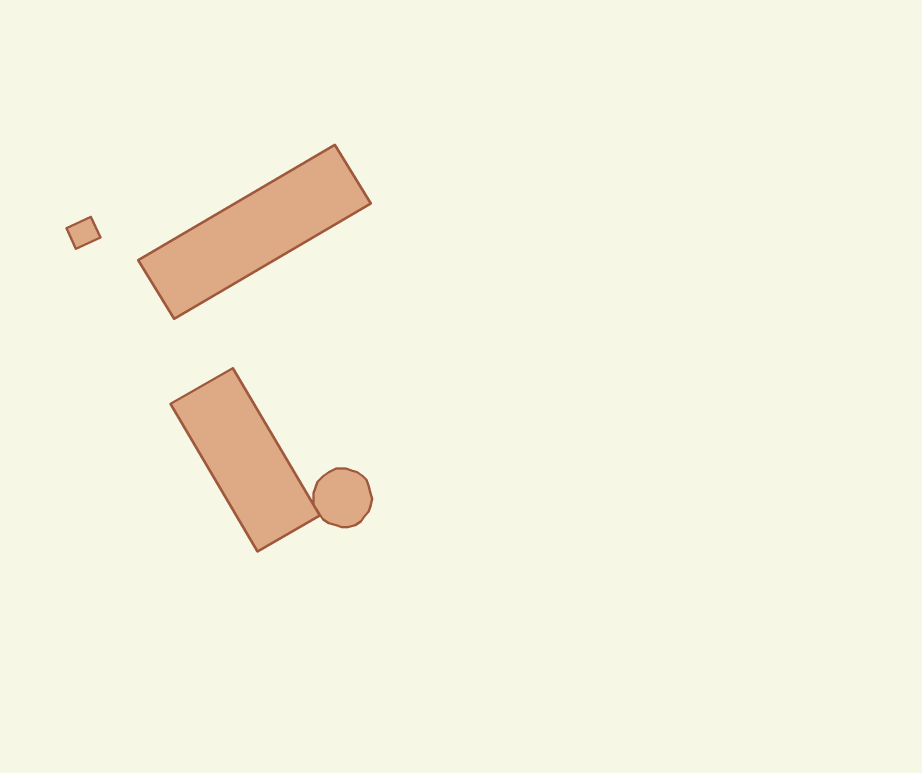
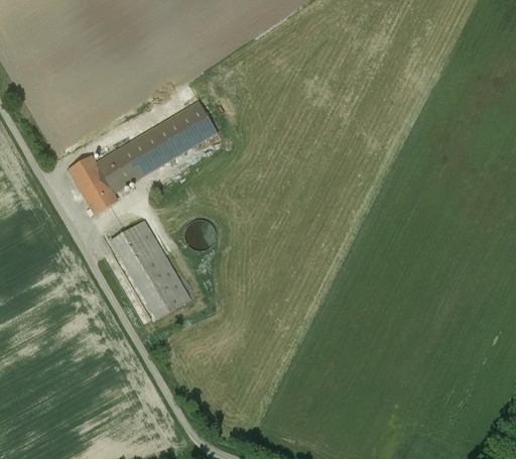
building: none -> [68,155,116,213]
building: [314,468,372,527] -> [183,219,215,250]

